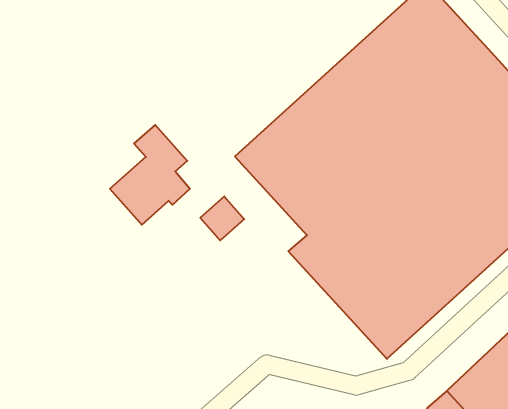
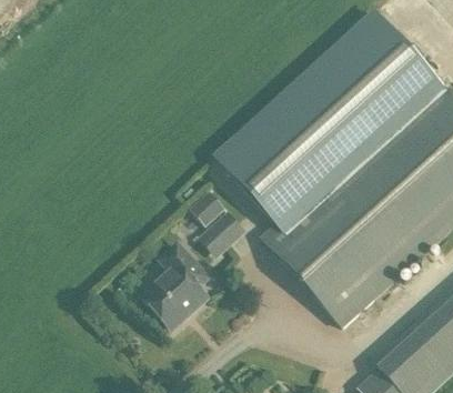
building: [110,125,190,225] -> [141,242,208,325]
building: none -> [195,209,245,258]

